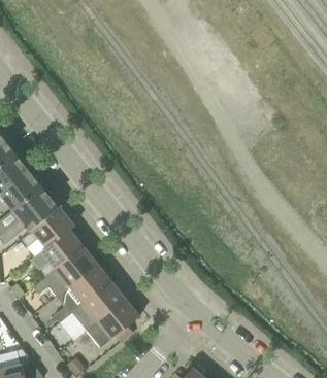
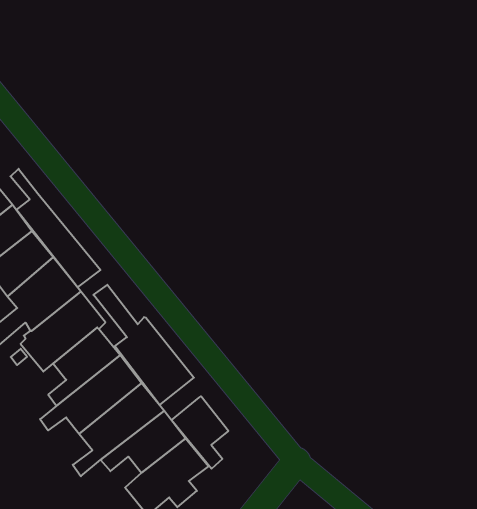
building: none -> [10,169,100,287]
building: none -> [93,285,194,405]
building: none -> [171,396,228,469]

